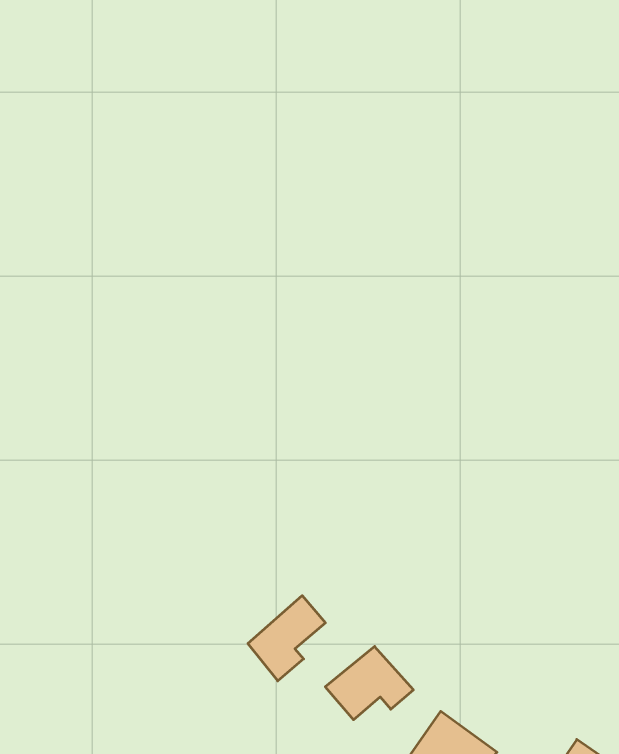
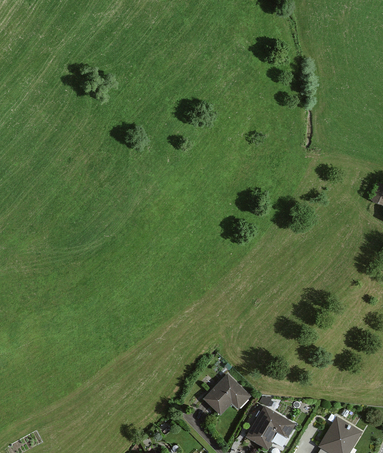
building: [248,596,325,681] -> none

